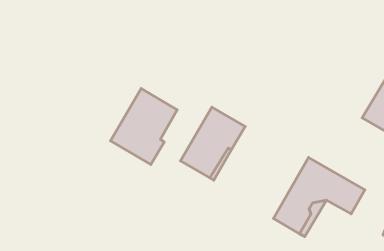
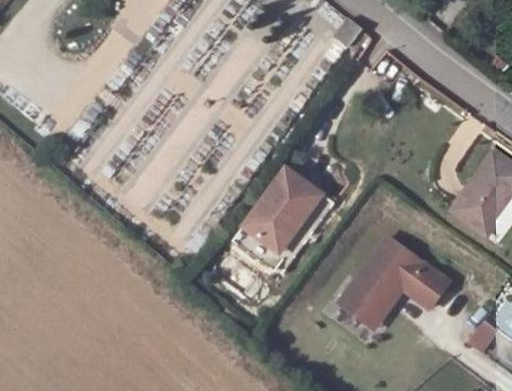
building: [111,89,177,165] -> none

